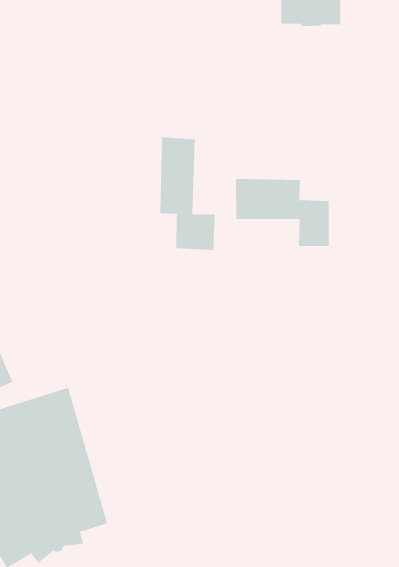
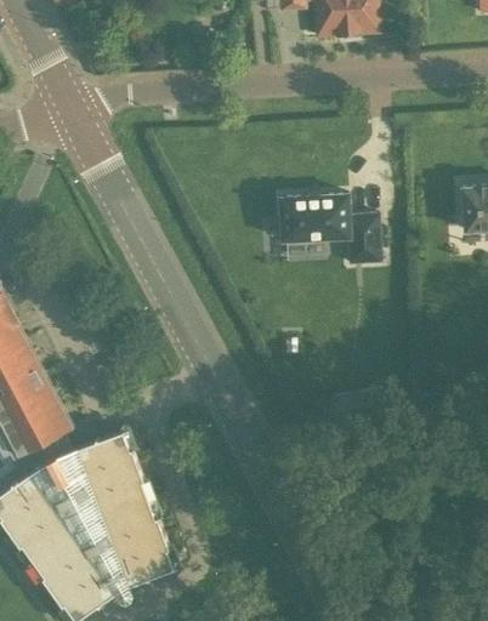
building: [160,136,215,251] -> none

